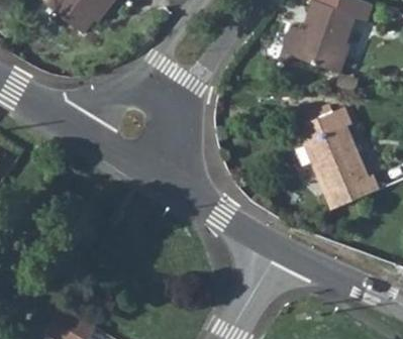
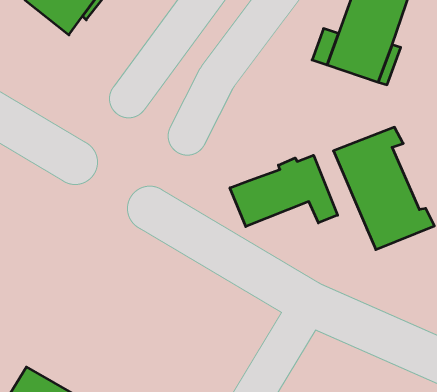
building: none -> [230,155,338,227]

